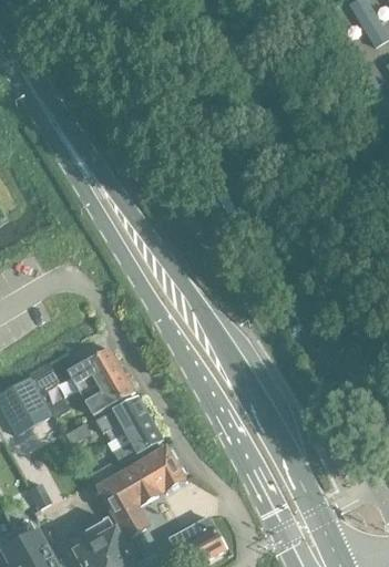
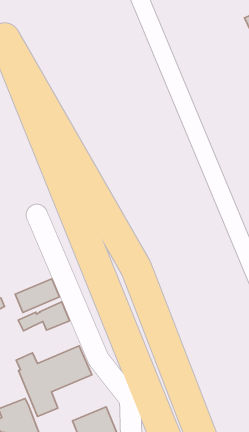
building: [69,347,122,392] -> none
building: [121,416,162,457] -> none

